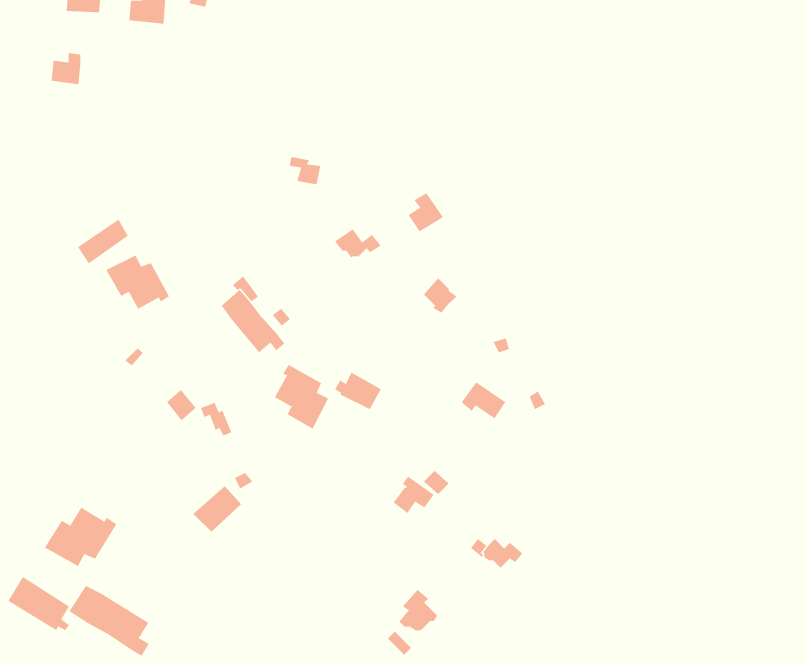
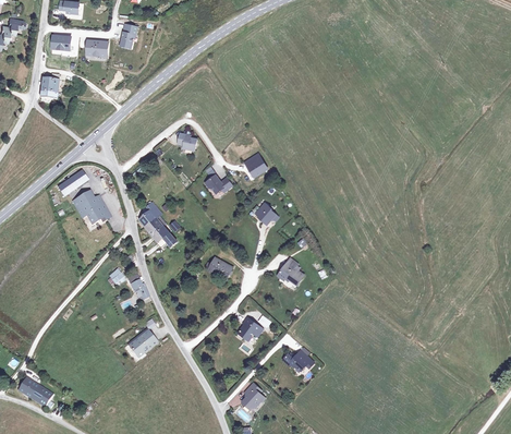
building: [274,364,329,430] -> none
building: [44,507,117,567] -> none
building: [68,585,149,656] -> none

